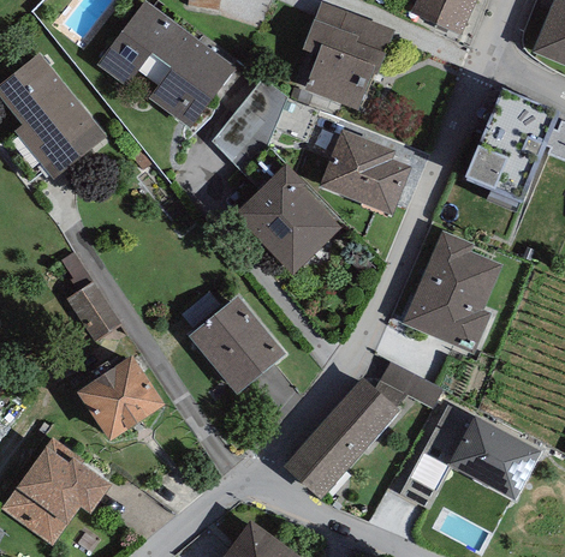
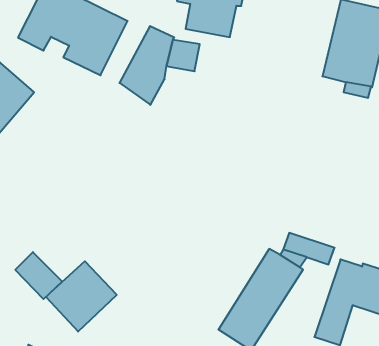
building: [319,127,410,214] -> none
building: [236,162,341,272] -> none
building: [402,230,501,353] -> none
building: [65,282,120,342] -> [15,252,62,299]
building: [186,294,285,394] -> none

